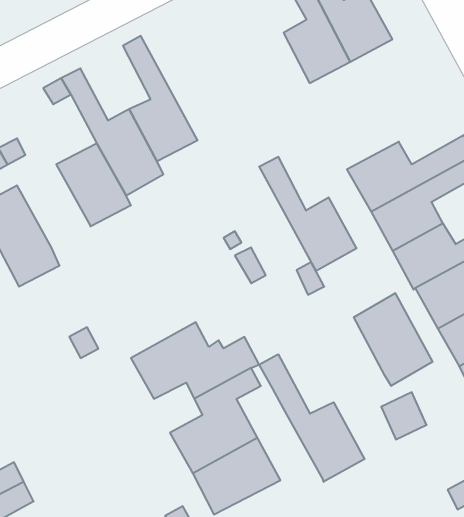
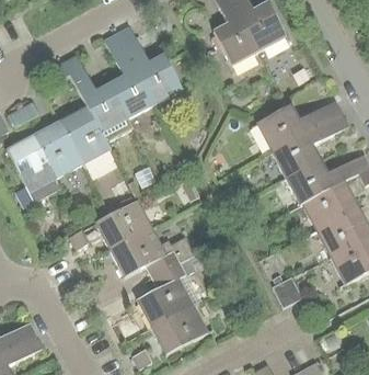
building: [259,157,357,271] -> [116,27,182,104]
building: none -> [33,121,82,177]
building: none -> [95,200,153,251]
building: [354,293,433,386] -> none
building: [259,354,365,482] -> none

